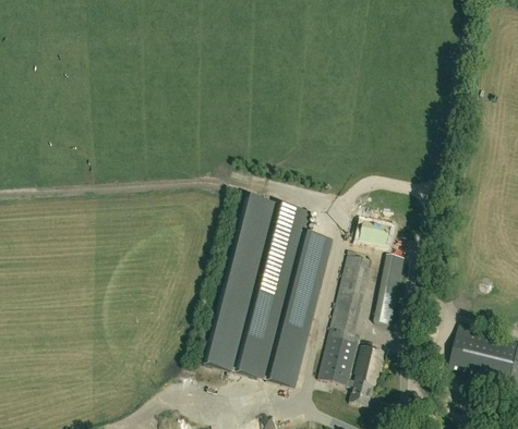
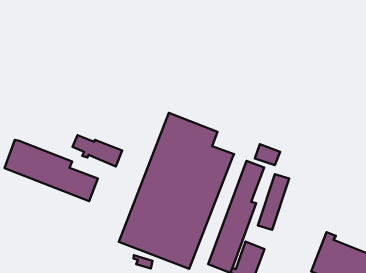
building: none -> [72,135,122,166]
building: none -> [4,140,98,201]

